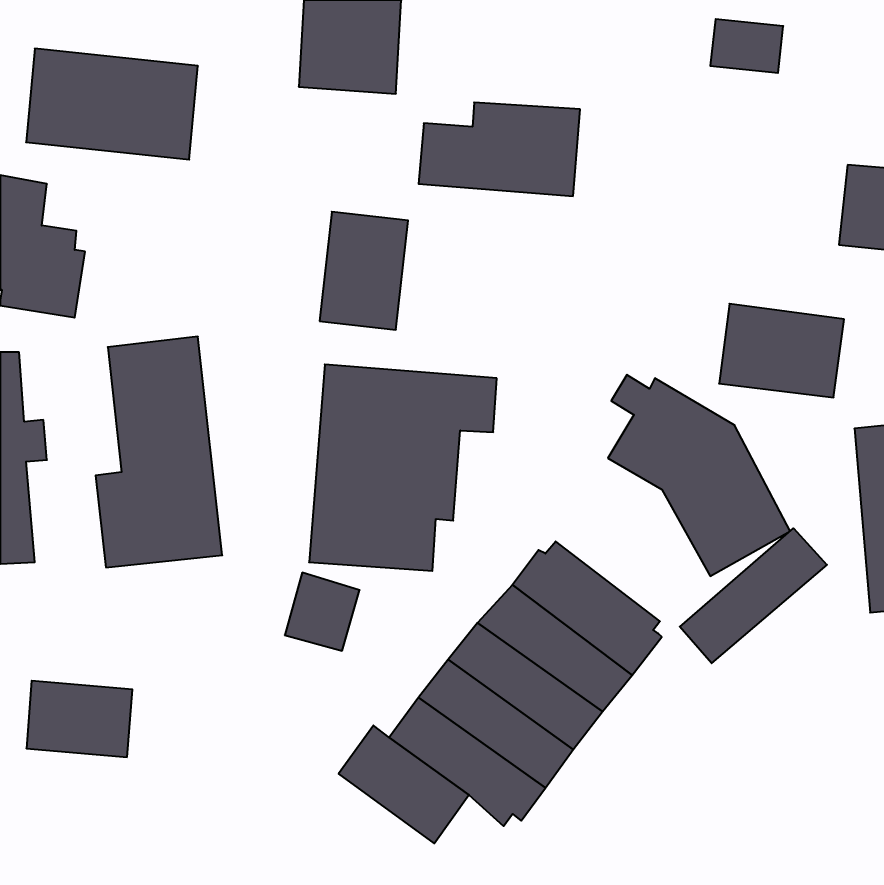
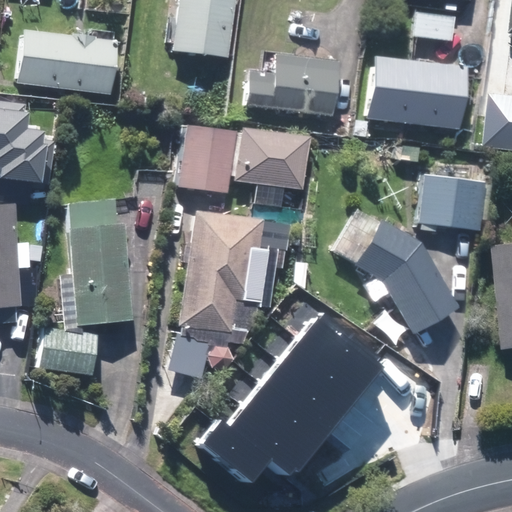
building: none -> [367,56,470,130]
building: none -> [237,127,308,206]
building: [680,528,827,663] -> none
building: [26,681,132,757] -> [38,329,99,373]

